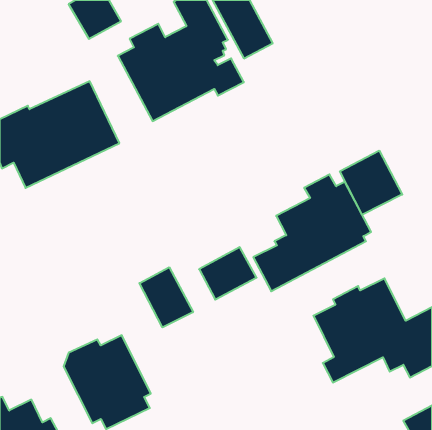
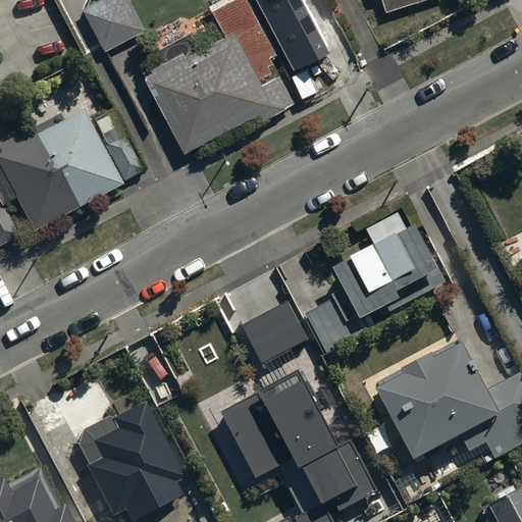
building: [340,151,402,215] -> none
building: [139,267,193,327] -> none
building: none -> [220,374,373,506]

